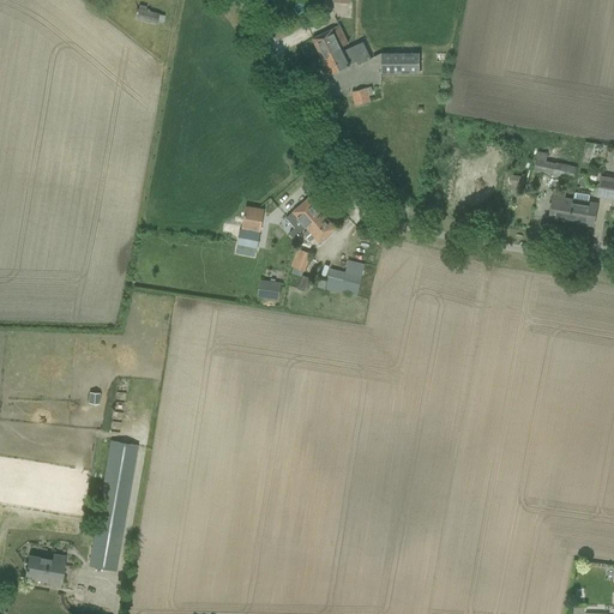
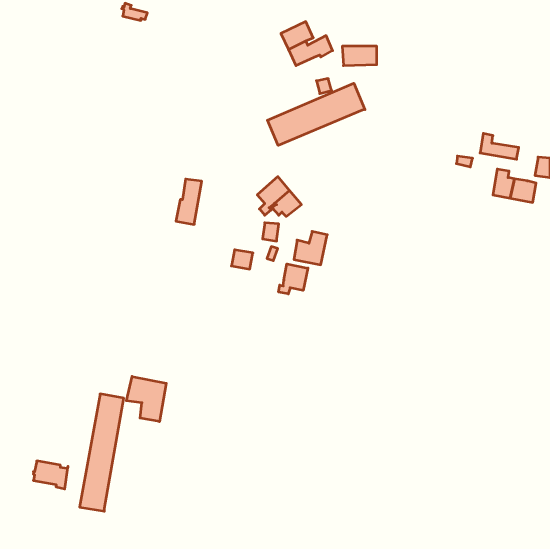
building: none -> [267,83,365,145]
building: [235,205,264,255] -> [176,179,202,224]
building: none -> [279,264,308,294]
building: none -> [126,376,166,422]
building: [25,554,64,585] -> [33,461,68,489]

